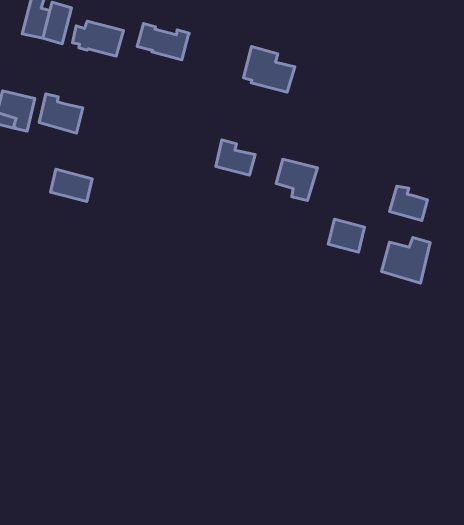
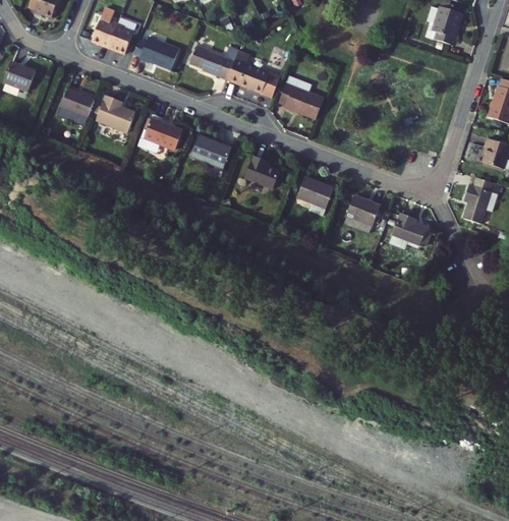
building: none -> [227,59,280,97]
building: none -> [190,135,231,169]
building: [51,169,92,202] -> [145,118,182,150]
building: [328,219,365,252] -> [347,193,381,225]
building: [382,238,430,283] -> none

